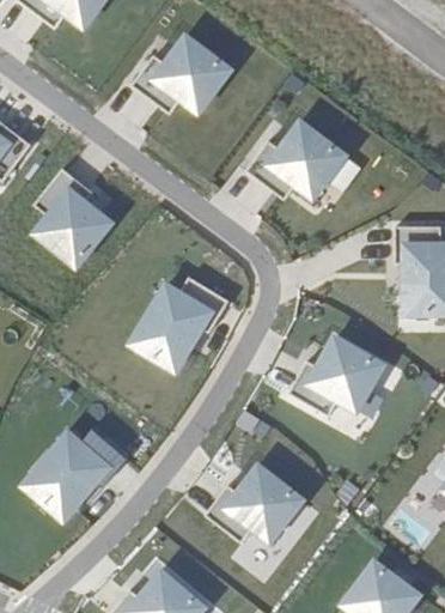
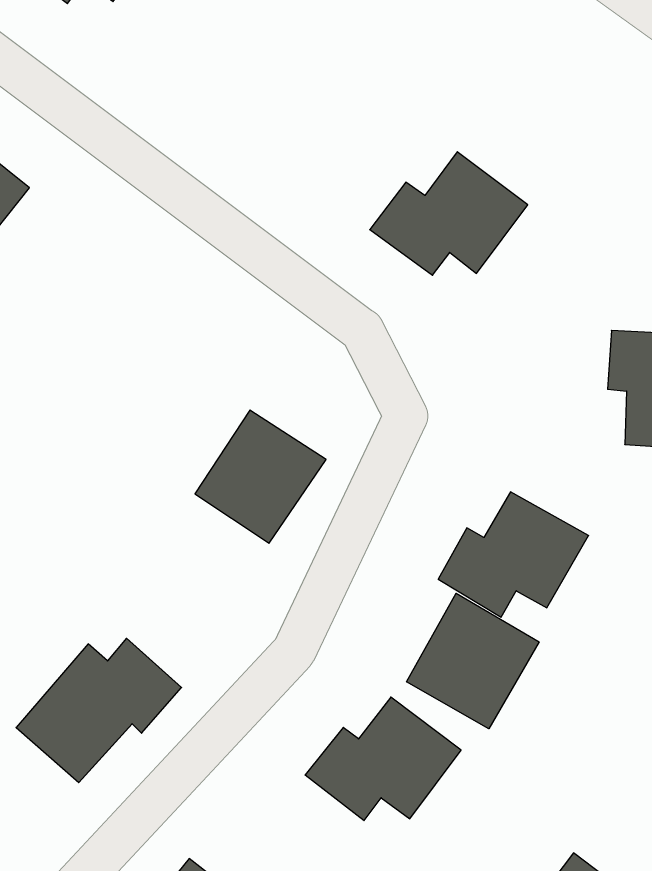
building: [134,35,232,113] -> none
building: [35,166,112,263] -> none
building: none -> [407,593,539,729]

